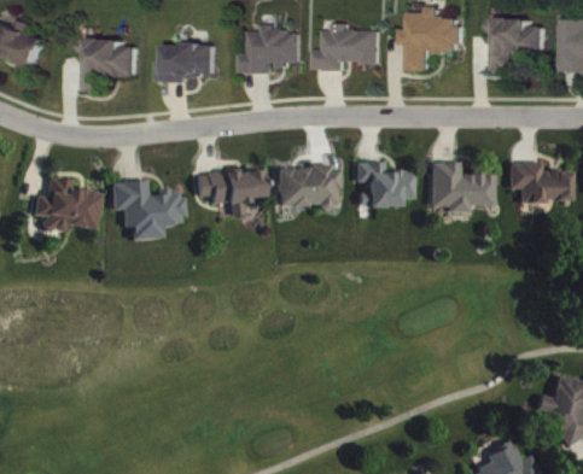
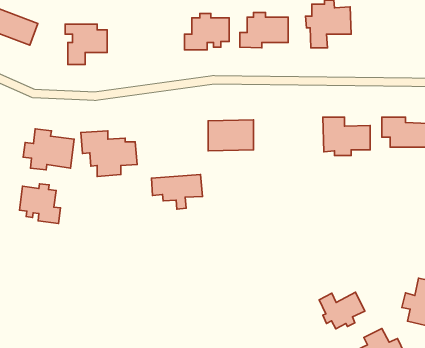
building: [495,18,550,71] -> none
building: [165,43,221,81] -> none
building: [355,162,413,206] -> none
building: [196,169,263,215] -> [151,175,202,209]
building: none -> [19,184,61,223]
building: none -> [319,292,365,329]

